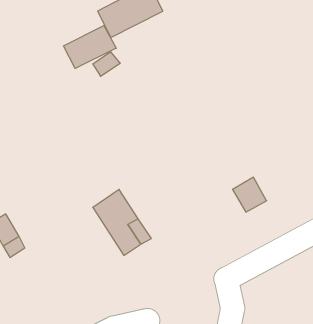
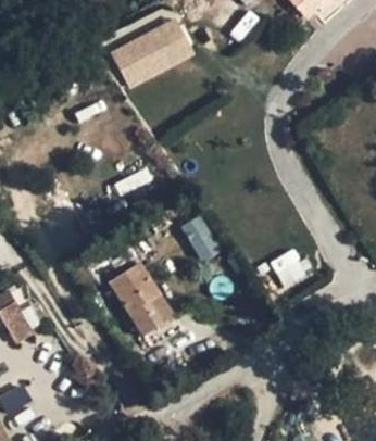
building: [63,25,116,68] -> none
building: none -> [183,215,222,262]

